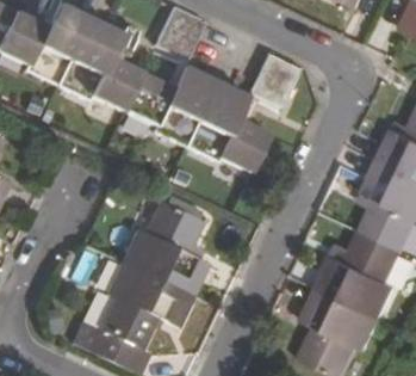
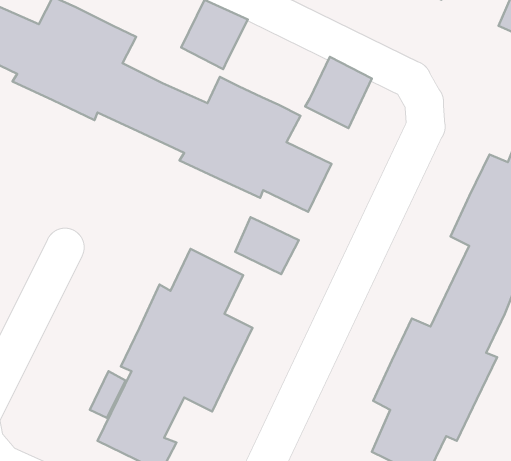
building: none -> [235,217,299,274]

